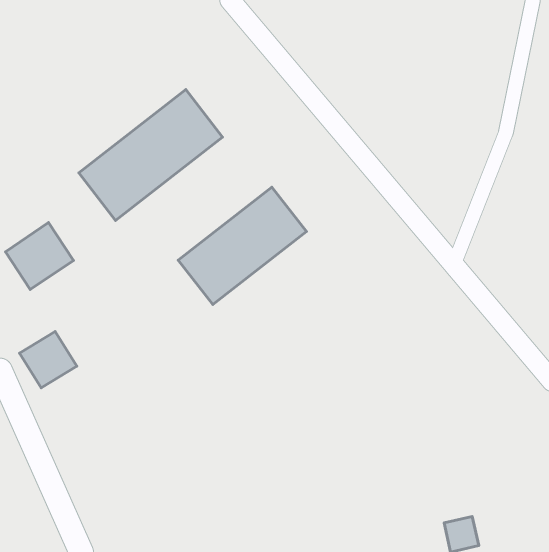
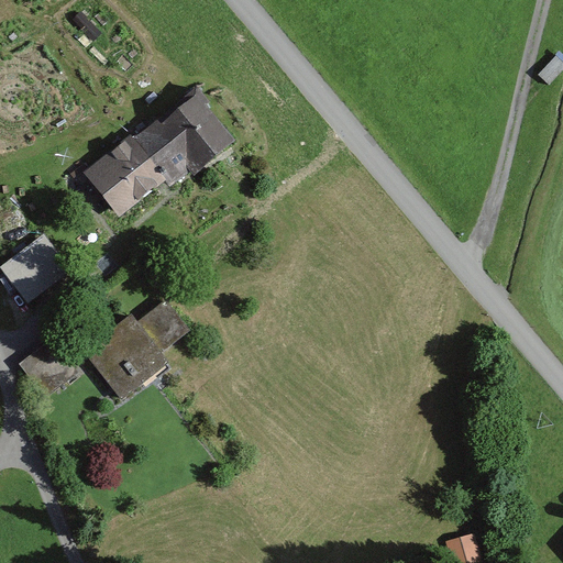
building: [178,187,306,304] -> none
building: none -> [80,308,181,402]

